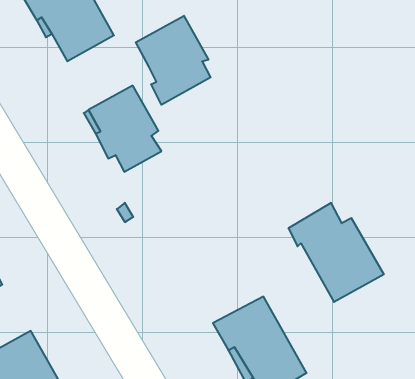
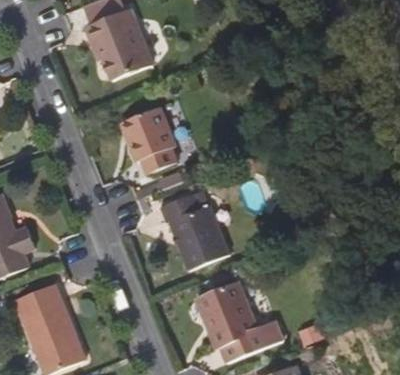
building: [136,16,211,105] -> none
building: [288,203,384,302] -> [161,192,230,269]

